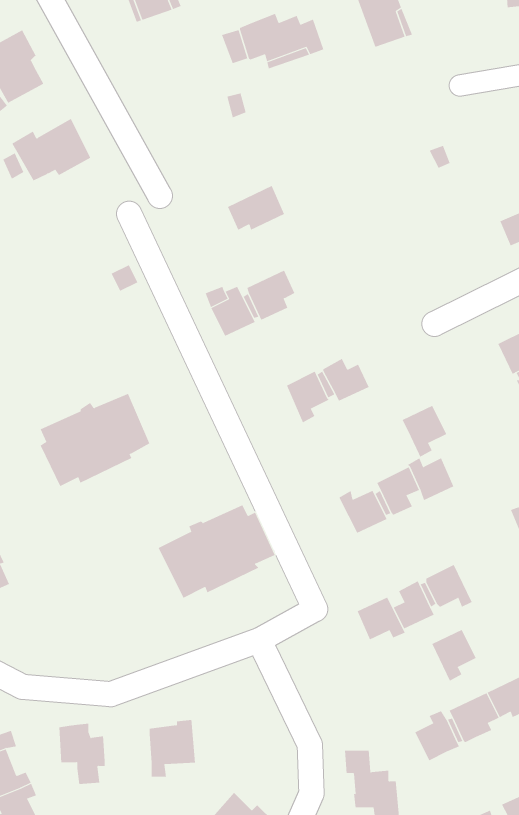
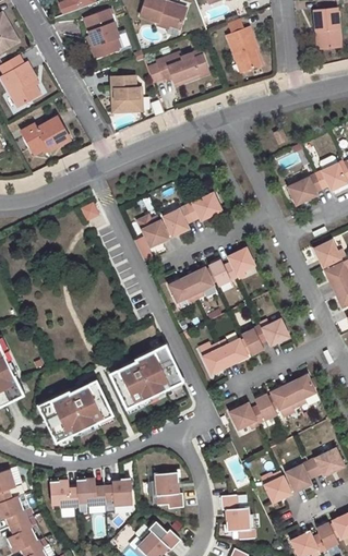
building: none -> [112,74,140,109]
building: [227,185,285,230] -> [185,192,220,219]
building: none -> [288,176,322,207]
building: none -> [168,275,196,302]
building: [40,393,150,487] -> [43,380,109,437]
building: [402,405,447,458] -> [227,246,254,278]
building: none -> [202,342,229,373]
building: [431,629,477,682] -> [288,374,315,406]
building: none -> [151,471,183,507]
building: none -> [76,478,105,504]

